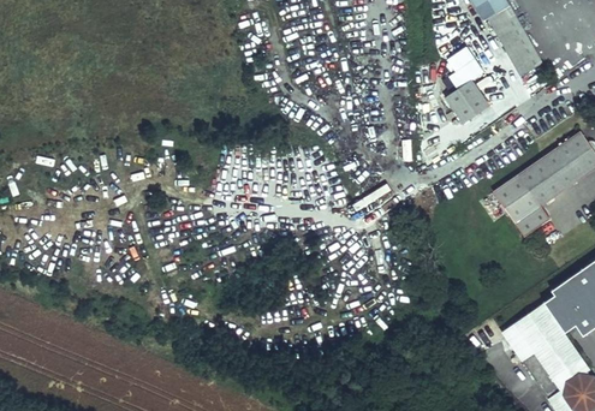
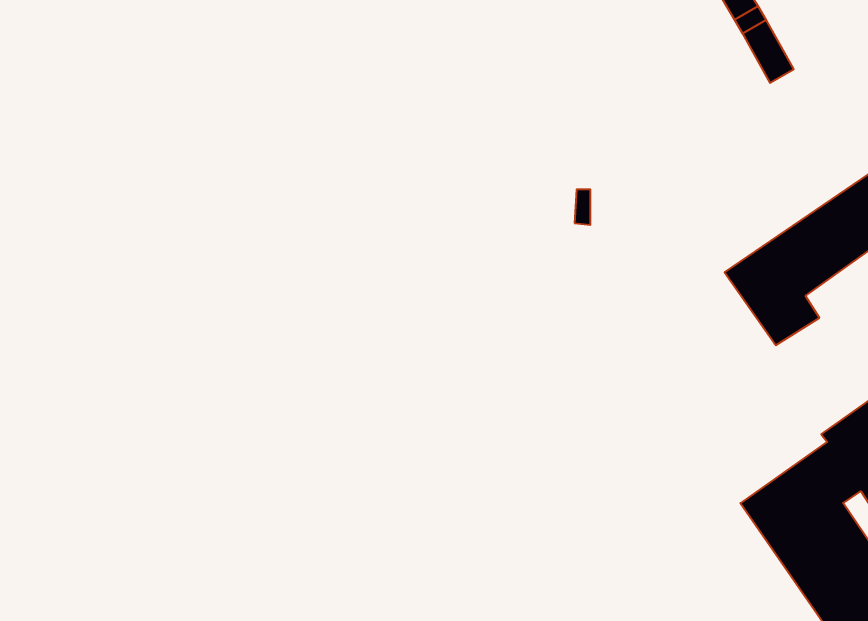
building: [446,46,489,123] -> none

